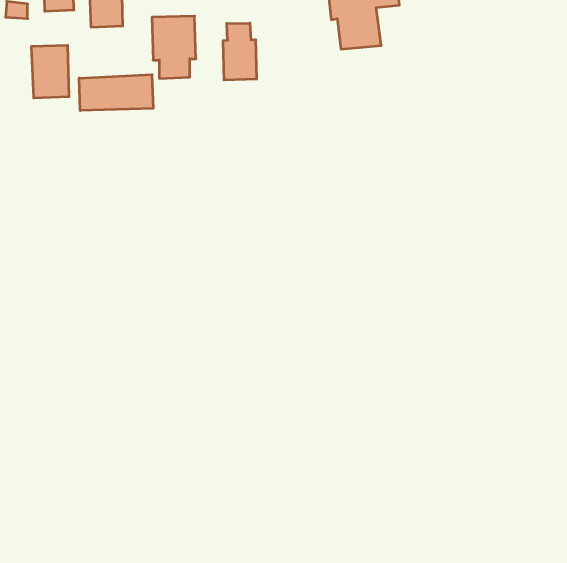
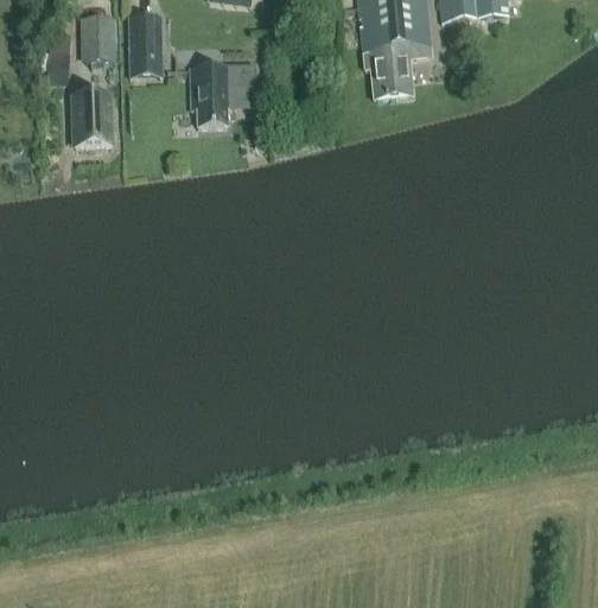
building: [223,23,257,80] -> none
building: [79,75,153,111] -> none

